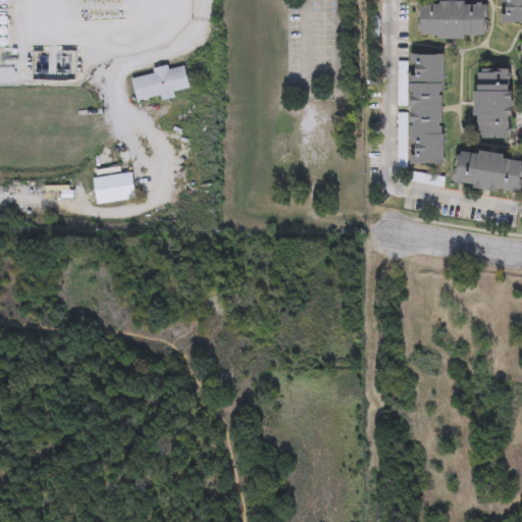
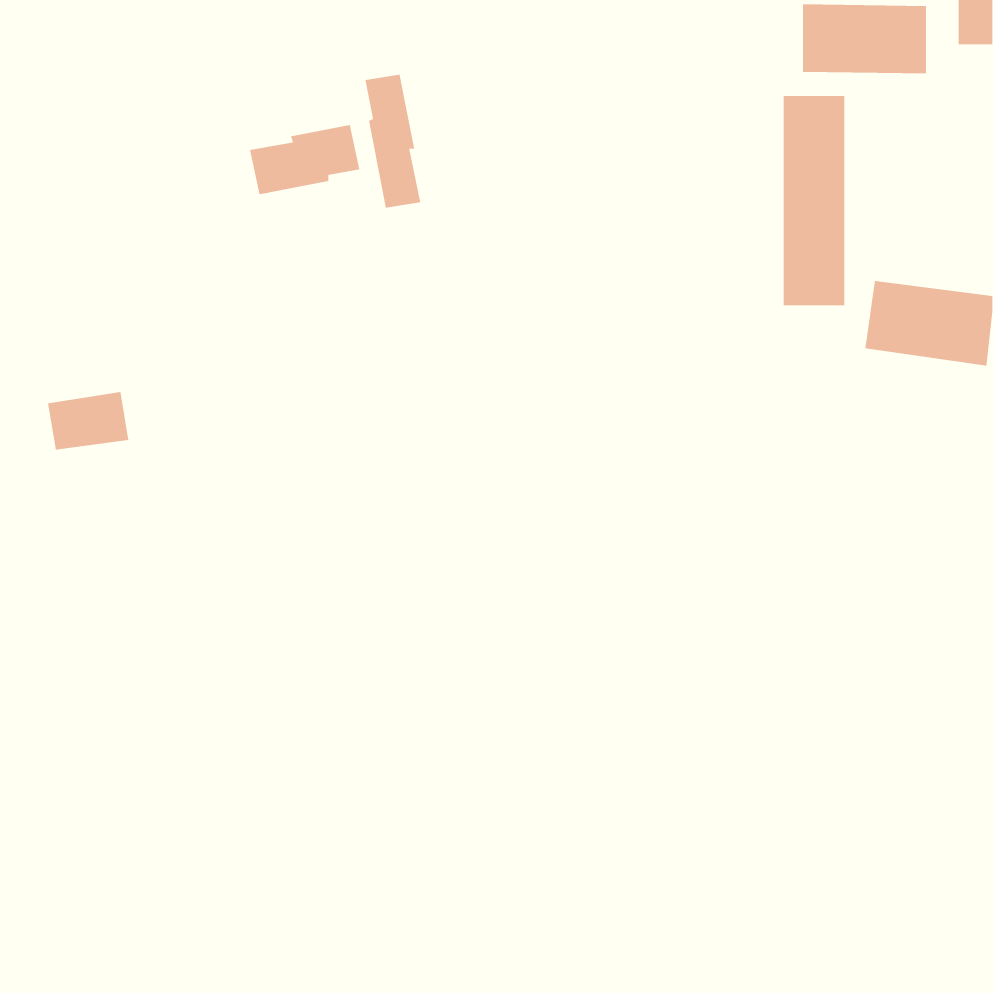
building: none -> [365,74,421,208]
building: [475,66,513,136] -> none
building: [92,173,135,204] -> [47,392,129,450]

